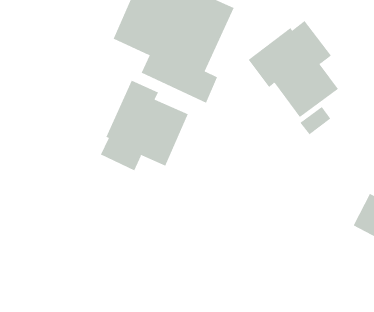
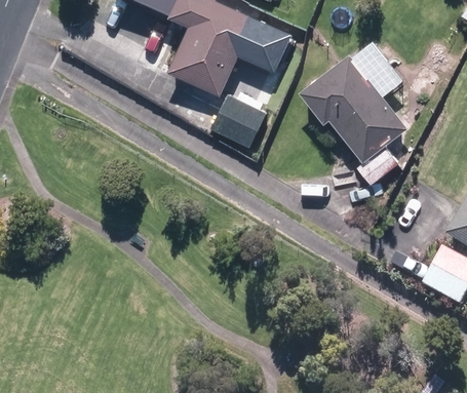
building: [100,80,189,171] -> none

